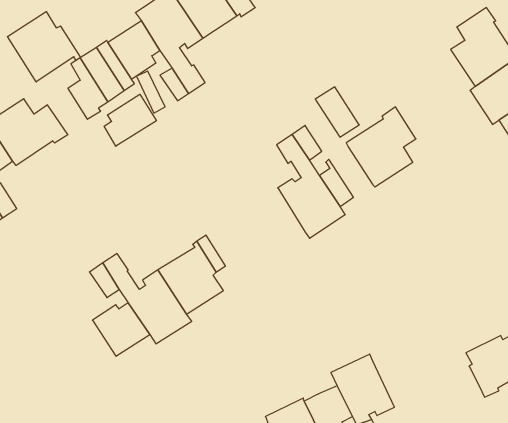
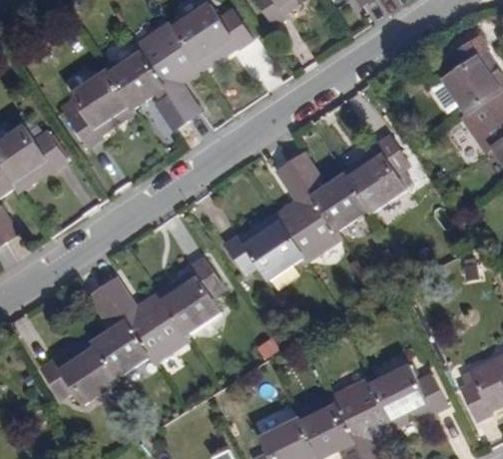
building: [8,12,81,82] -> none
building: [315,87,359,137] -> [325,172,368,221]
building: [104,94,156,146] -> none
building: none -> [225,212,302,279]
building: none -> [40,337,118,403]
building: none -> [368,364,443,427]

